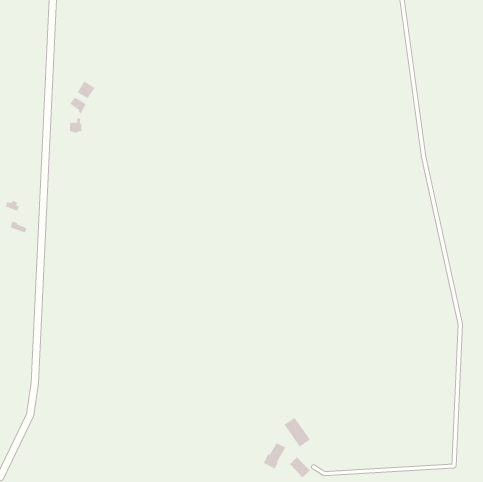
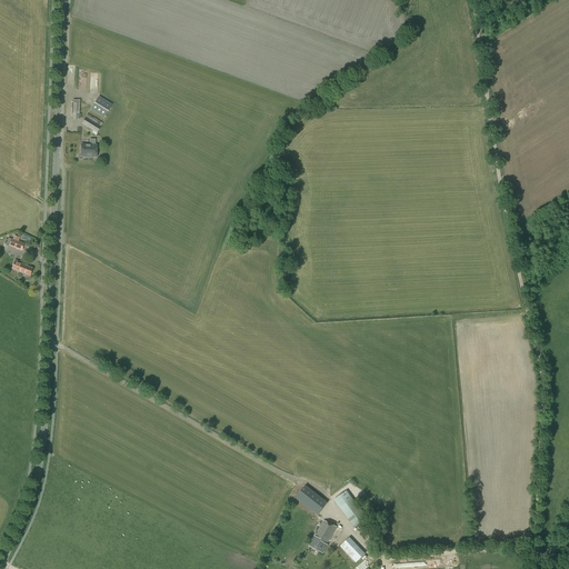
building: none -> [296,485,328,515]

